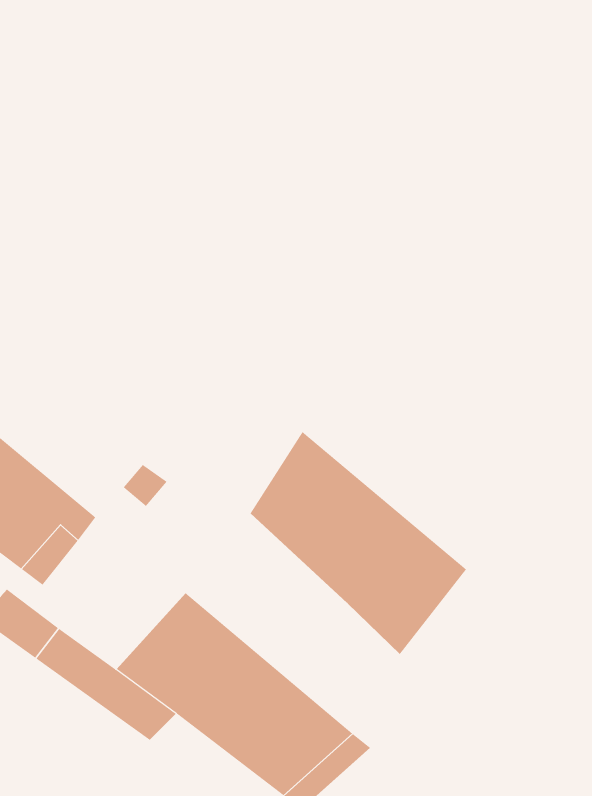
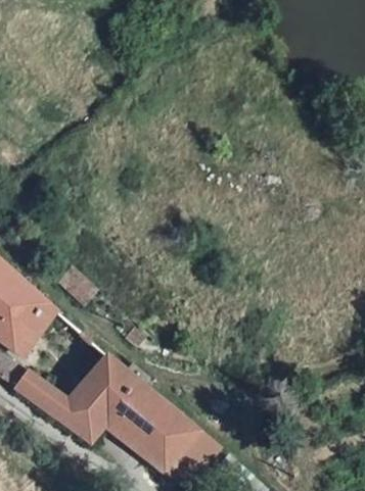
building: [250,431,467,655] -> none

